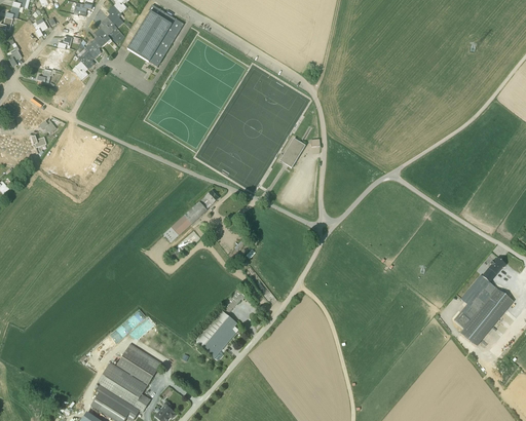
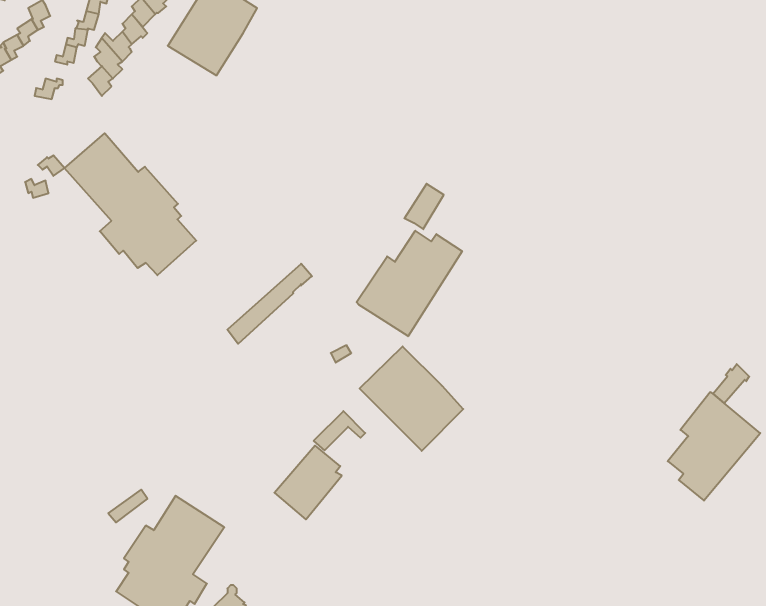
building: none -> [64,133,196,275]
building: none -> [357,231,462,336]
building: none -> [360,346,463,451]

